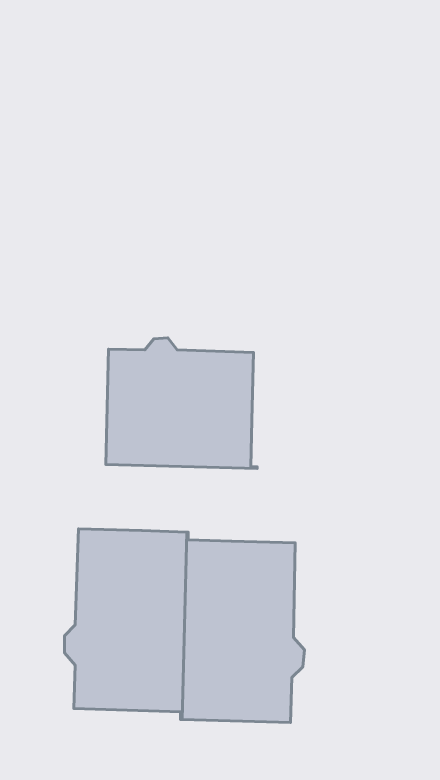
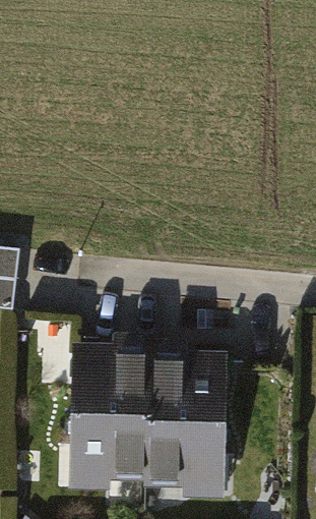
building: [106,338,257,468] -> none

